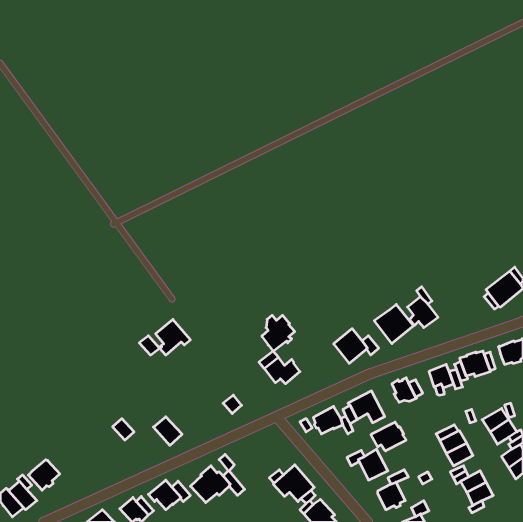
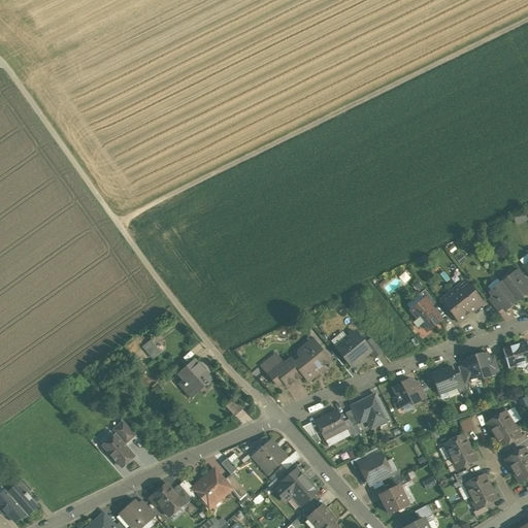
building: none -> [441,284,483,322]
building: [374,304,413,344] -> none
building: [262,315,295,351] -> [296,344,329,381]
building: [156,319,190,355] -> [177,359,212,395]
building: [153,417,182,445] -> [105,438,134,467]
building: [371,422,406,451] -> none
building: none -> [251,438,288,474]
building: [28,460,60,490] -> none

